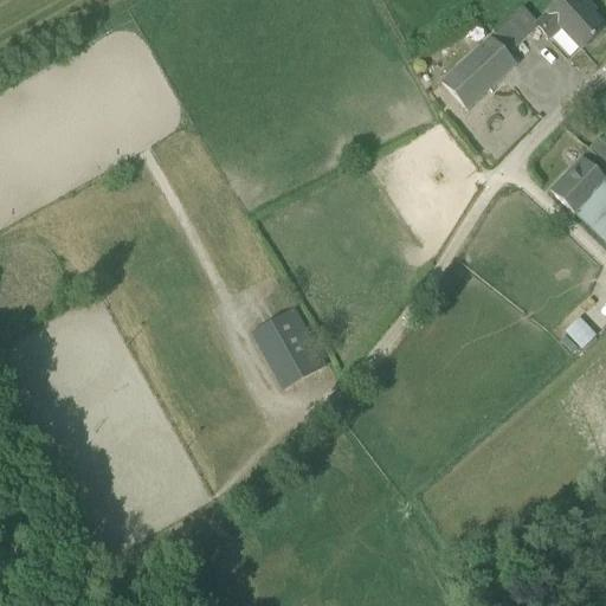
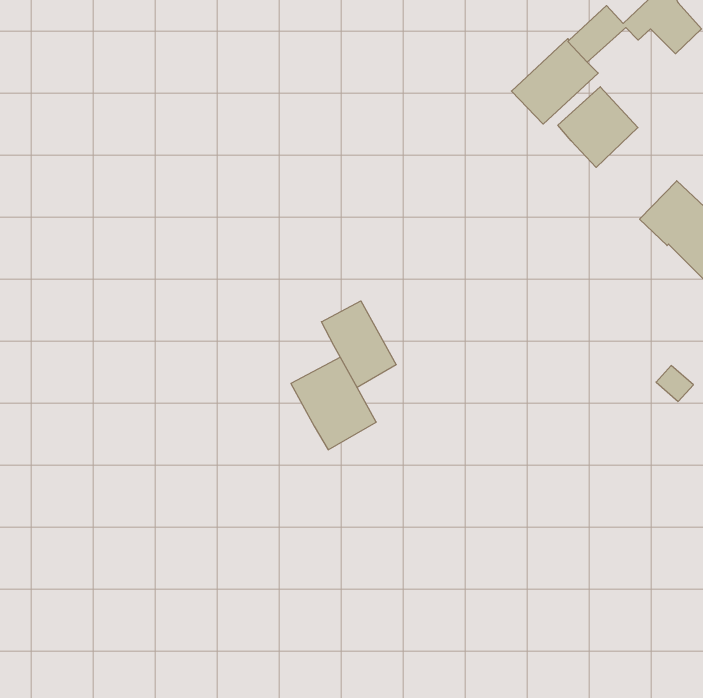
building: none -> [558,87,638,167]
building: none -> [321,301,396,388]

